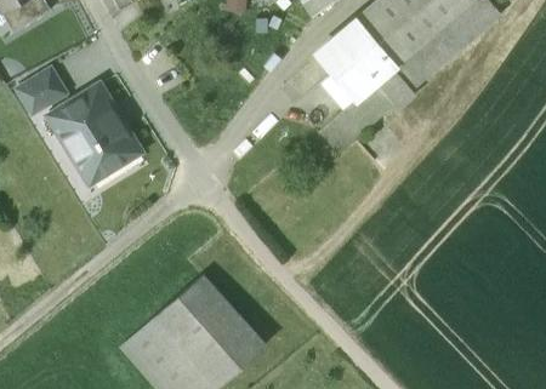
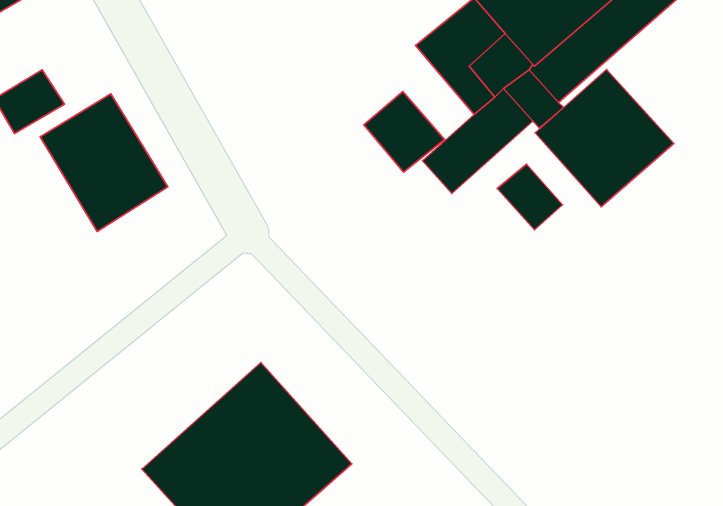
building: none -> [535,69,674,207]
building: none -> [364,92,444,172]
building: none -> [497,164,562,230]

